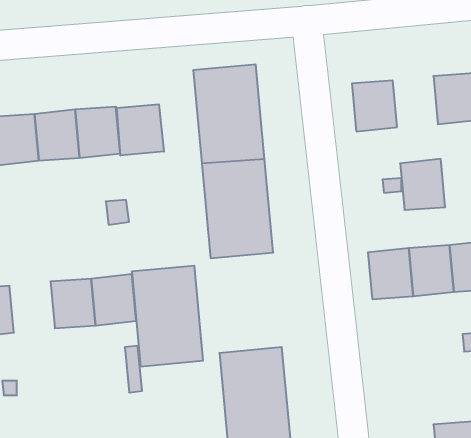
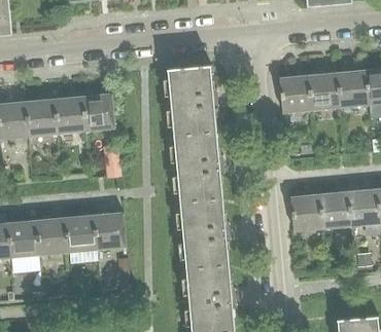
building: [117,104,164,156] -> none
building: [400,159,445,210] -> [308,73,340,109]
building: [132,266,203,366] -> [179,197,230,268]
building: none -> [37,218,69,254]

